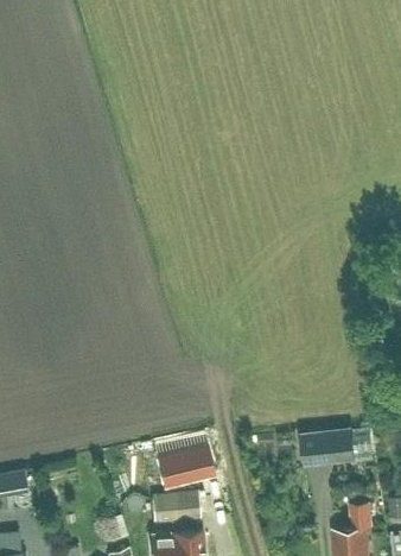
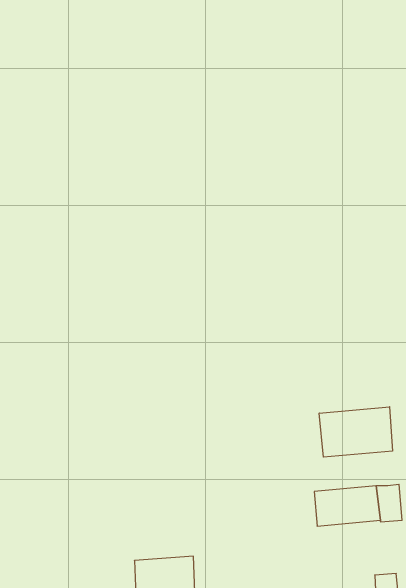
building: none -> [319,407,392,457]
building: [157,443,212,484] -> none

